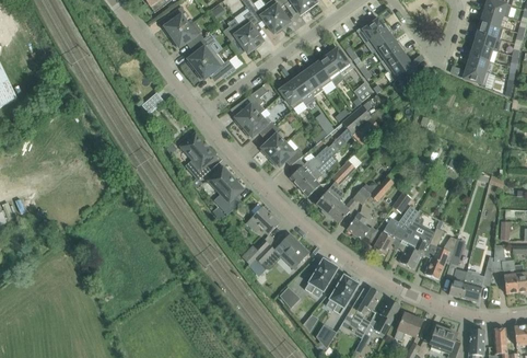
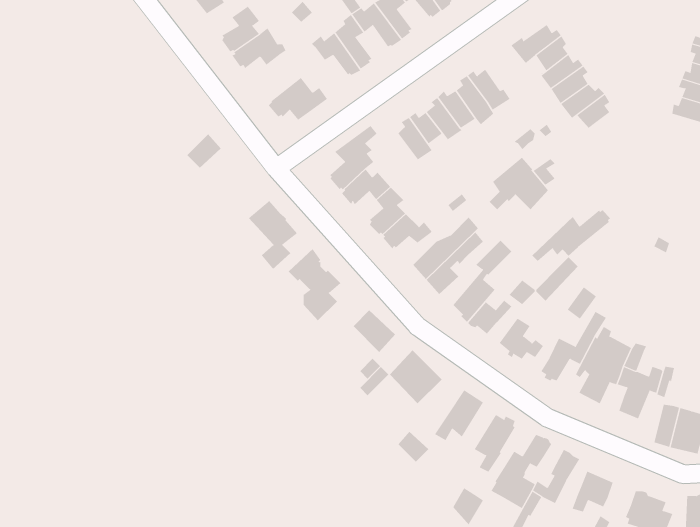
building: [187,38,216,70] -> none
building: none -> [532,209,611,262]

